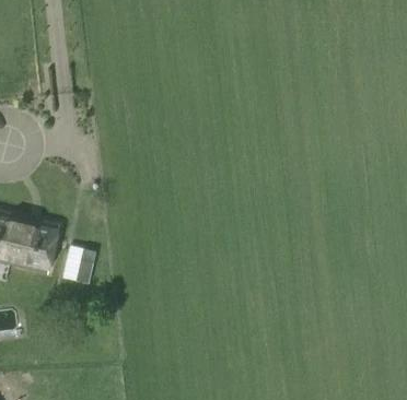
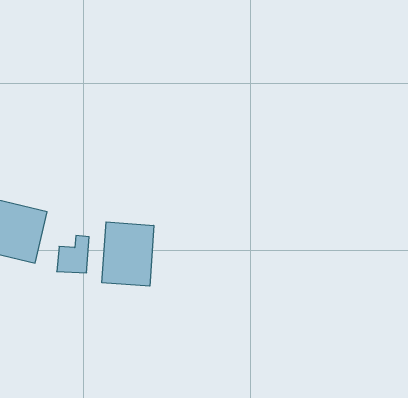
building: none -> [102,222,154,286]

